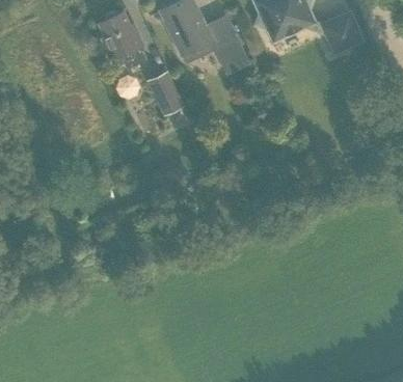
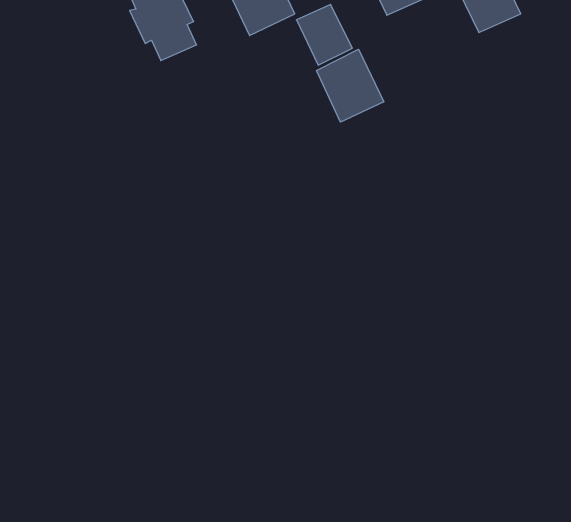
building: none -> [317,49,384,122]
building: [145,72,183,117] -> none

